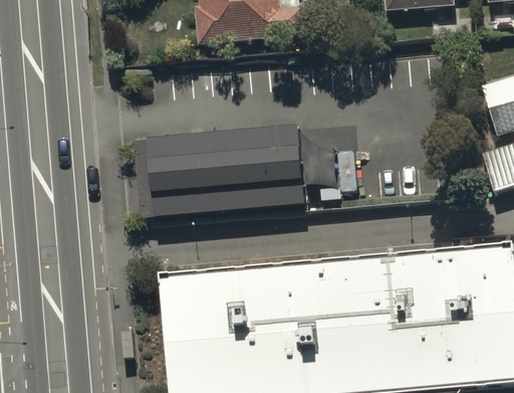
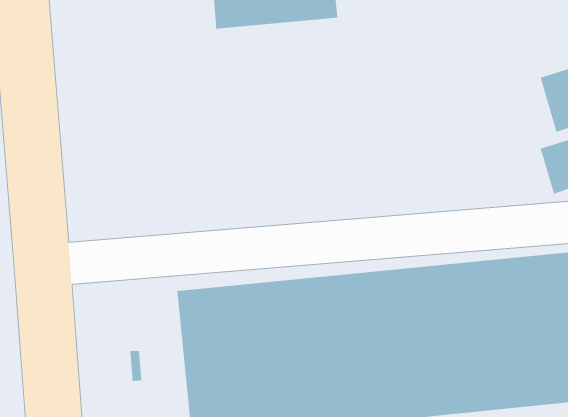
building: [139,124,309,220] -> none

